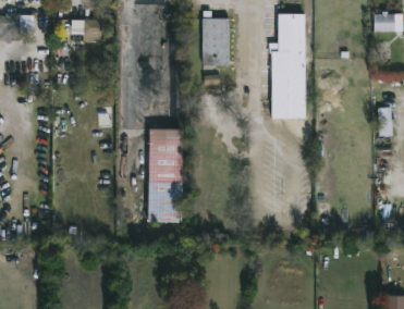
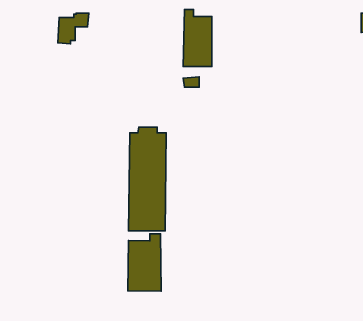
building: [269,12,306,118] -> none
building: none -> [128,234,161,291]

